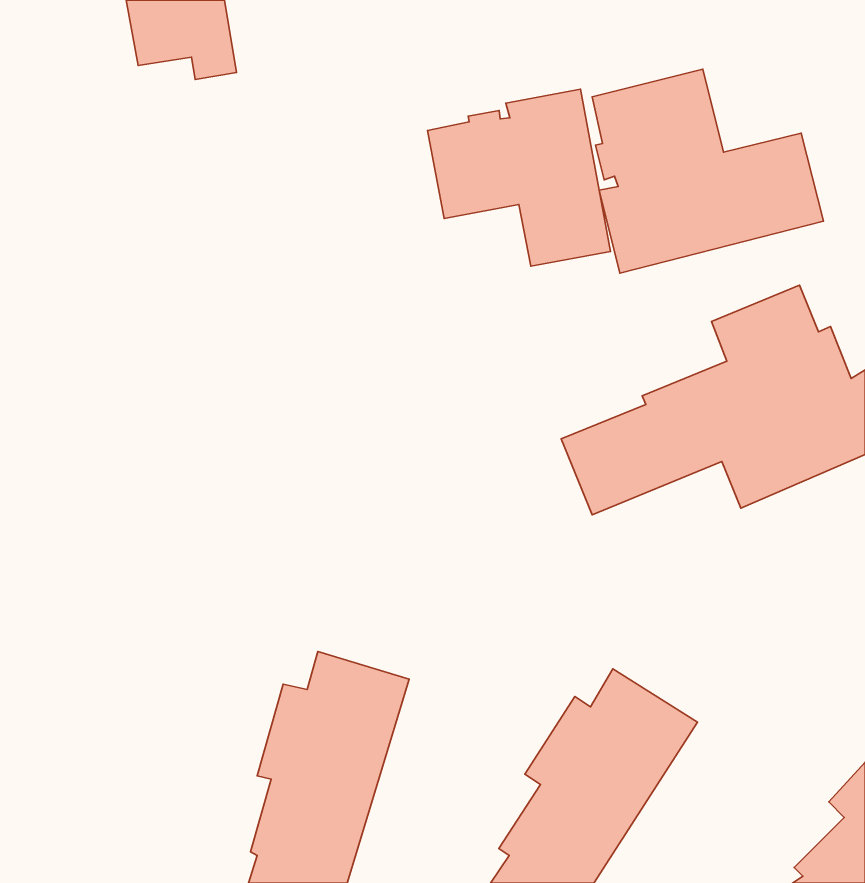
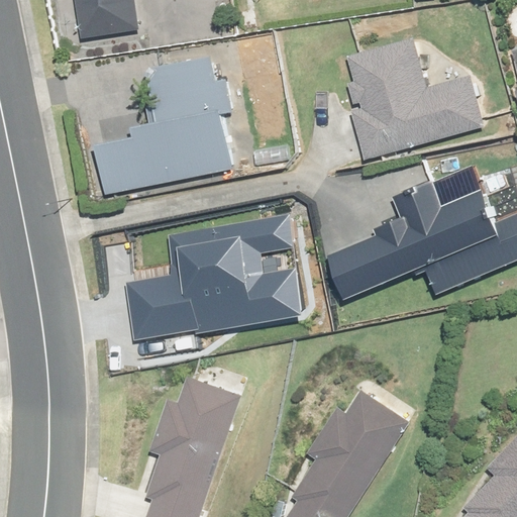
building: none -> [97,47,232,192]
building: [428,89,610,266] -> none
building: none -> [110,220,286,342]

